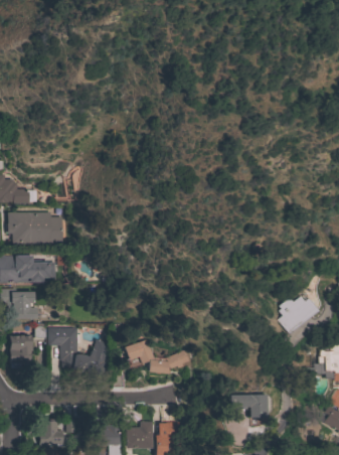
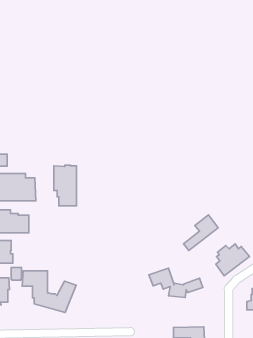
building: none -> [54,165,76,206]
building: none -> [183,215,218,250]
building: [125,338,189,373] -> [149,268,203,298]

